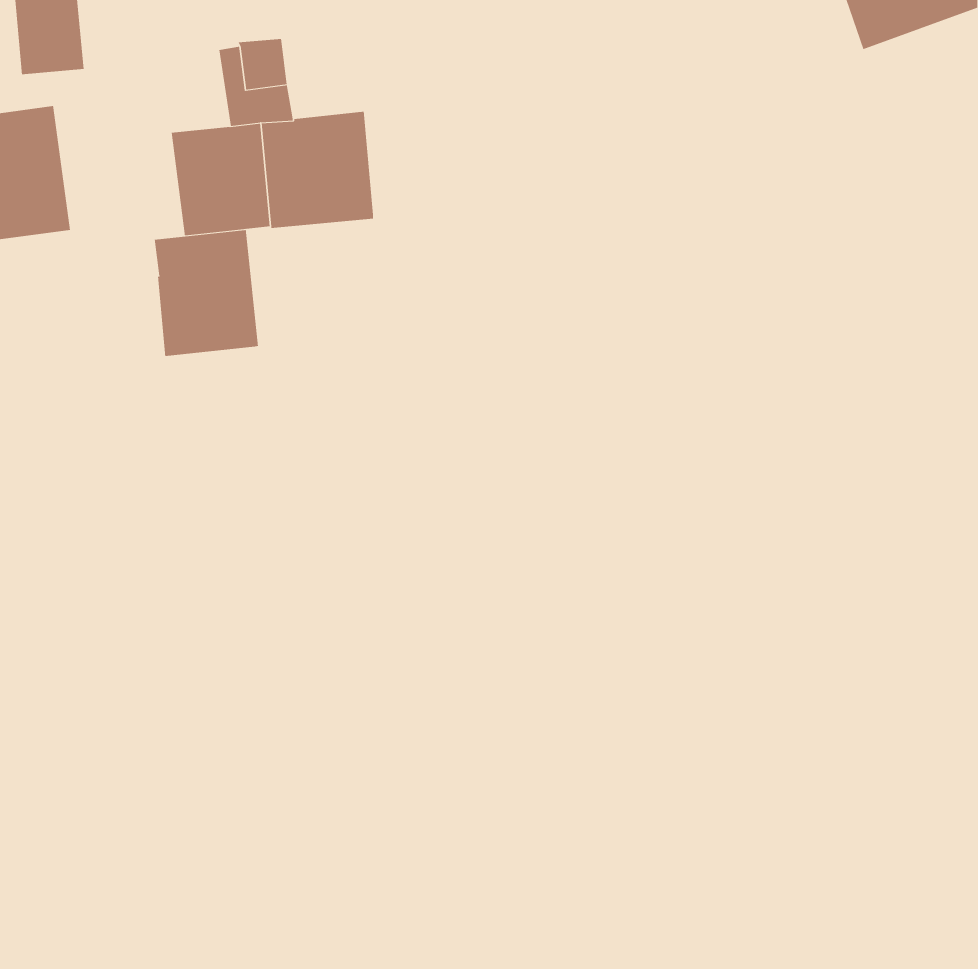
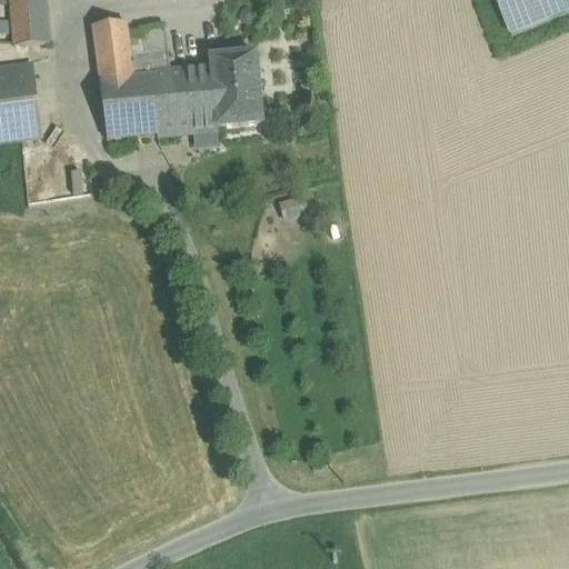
building: none -> [92,19,133,77]
building: none -> [211,51,262,124]
building: [154,229,259,357] -> none

